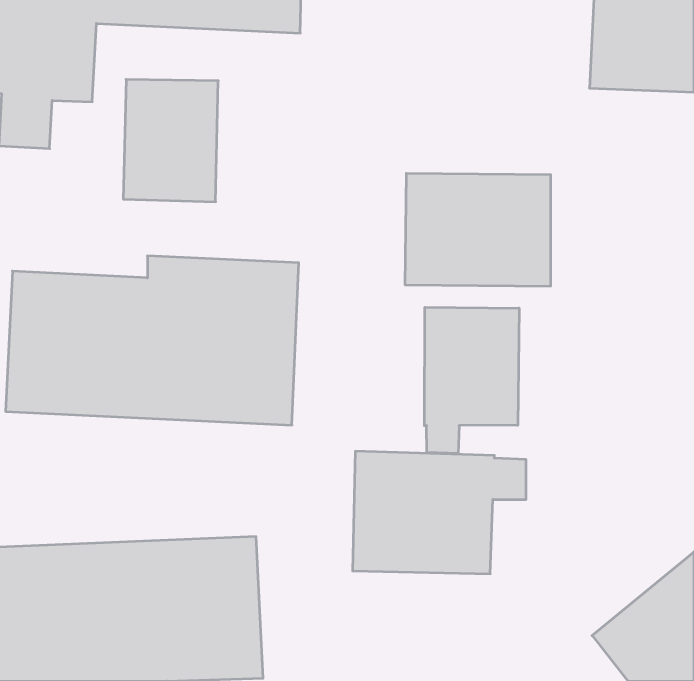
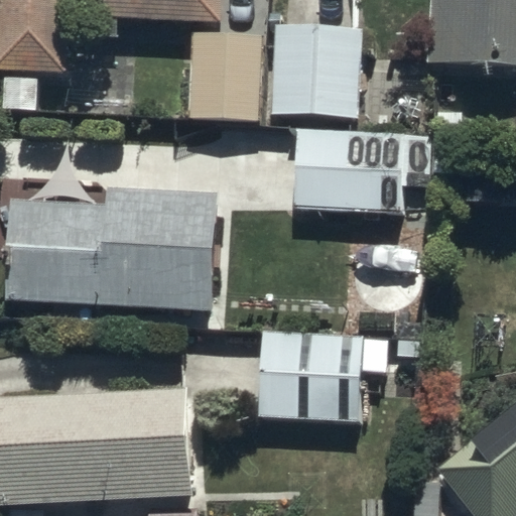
building: none -> [269,23,362,116]
building: [123,79,218,202] -> [191,31,261,121]
building: [424,307,519,454] -> none

